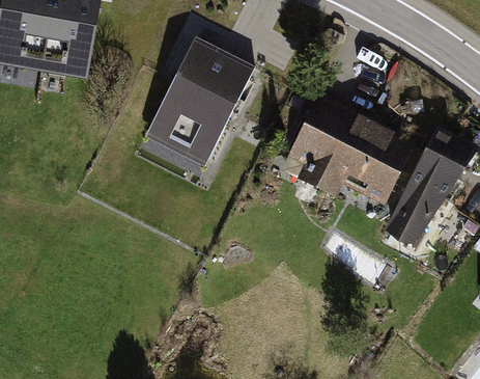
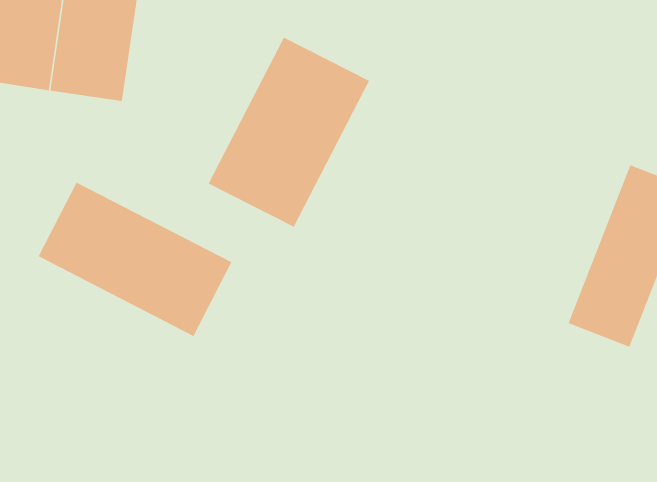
building: [281,94,412,206] -> none
building: none -> [38,181,232,337]

